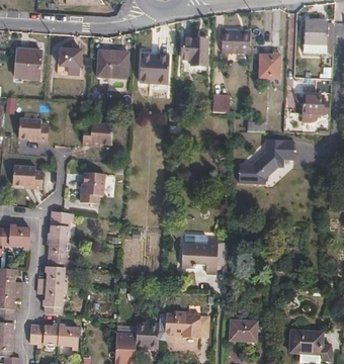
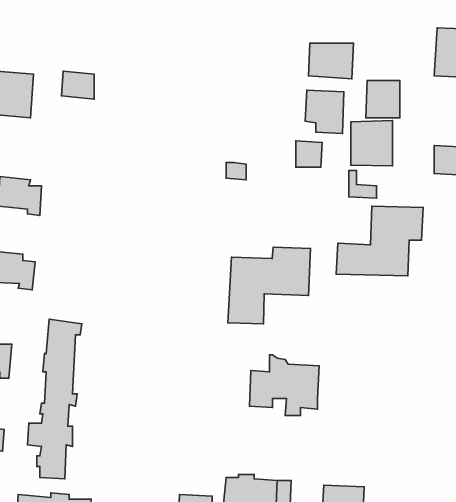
building: [181,37,206,66] -> [305,90,344,134]
building: [98,51,128,75] -> none
building: [140,53,169,84] -> none
building: none -> [351,120,393,166]
building: [84,122,114,146] -> none
building: none -> [228,247,311,324]
building: [81,173,104,203] -> none

